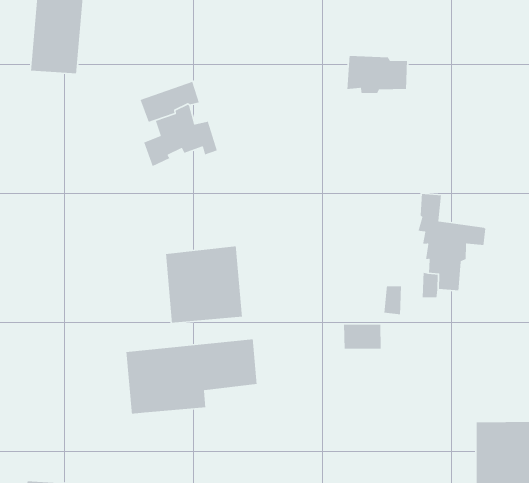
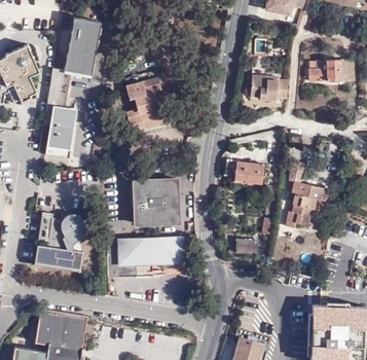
building: none -> [309,58,356,80]
building: none -> [45,71,78,160]
building: none -> [225,158,264,183]
building: none -> [32,212,89,271]

